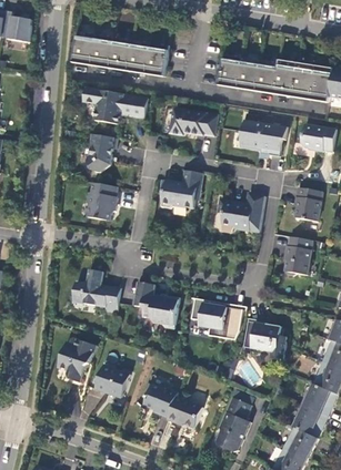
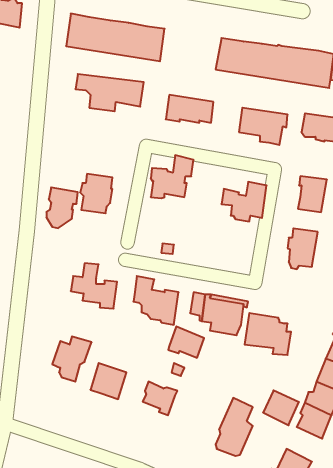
building: [86,133,116,172] -> [46,187,78,228]
building: [169,395,203,425] -> [168,326,204,358]
building: [283,425,318,458] -> [263,390,299,425]

